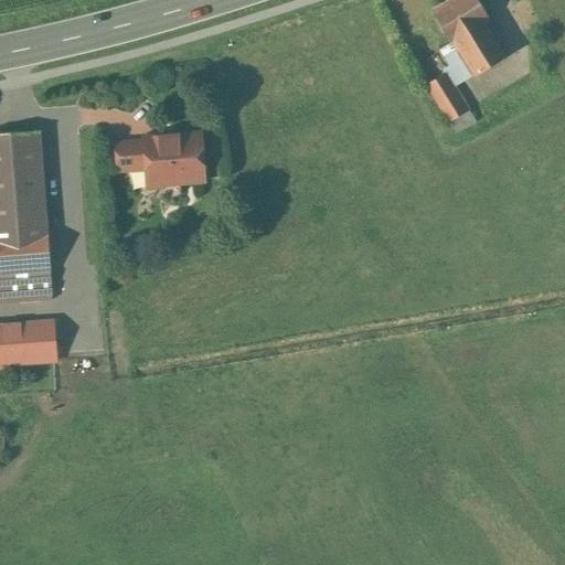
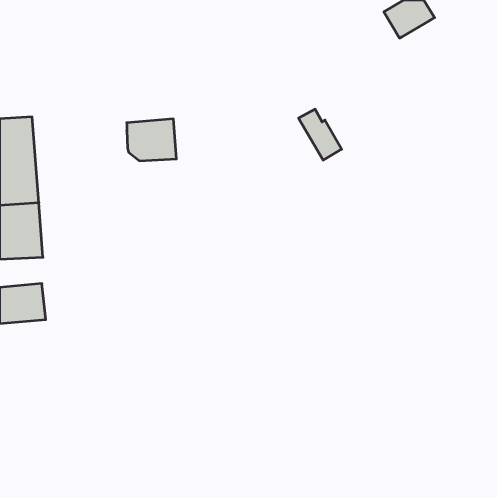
building: [455,23,507,76] -> none
building: [426,72,475,129] -> [299,109,342,160]
building: [114,142,145,170] -> none

